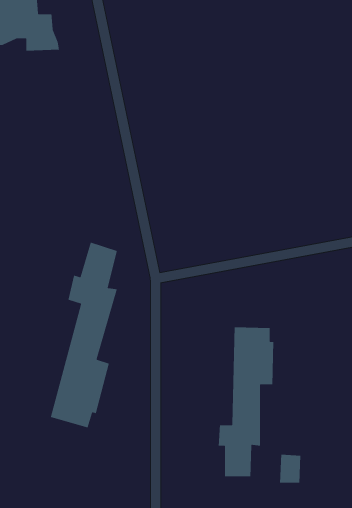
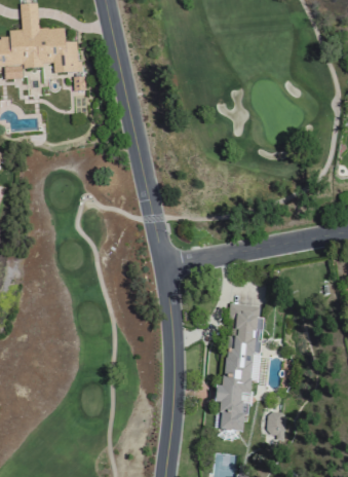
building: [50,241,118,429] -> none

